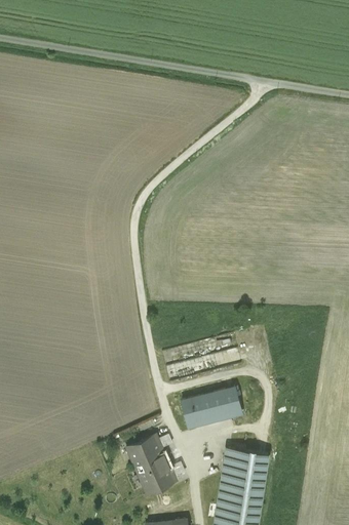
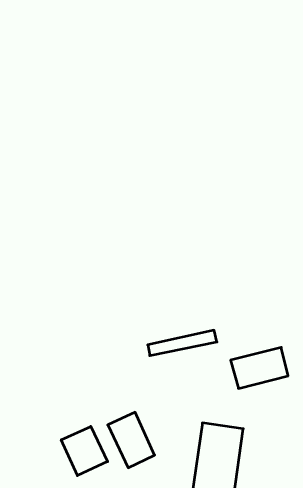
building: [180,387,240,430] -> [231,347,288,388]
building: none -> [61,426,108,476]

